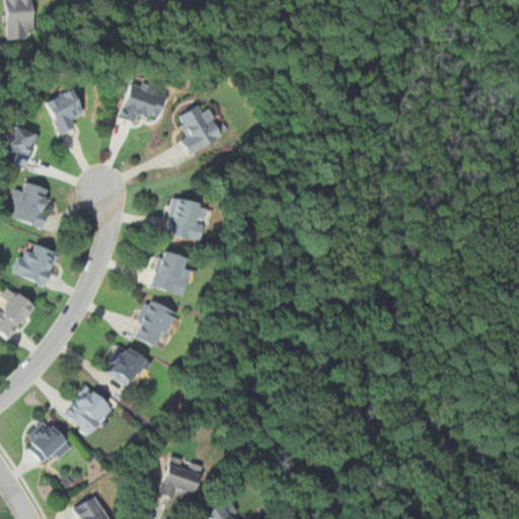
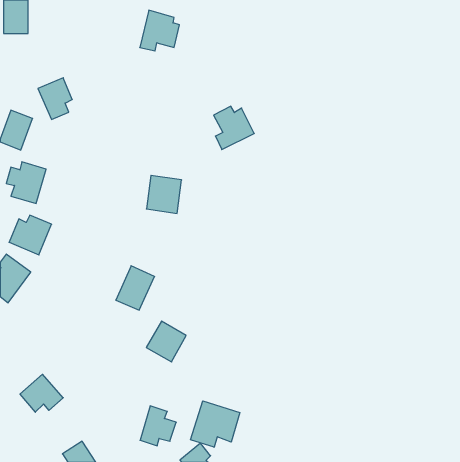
building: [120,78,164,124] -> [140,10,179,51]
building: [178,104,224,153] -> [214,106,254,150]
building: [151,249,191,295] -> none
building: [104,343,149,388] -> [146,321,186,362]
building: [63,384,113,435] -> none
building: none -> [191,401,240,447]

